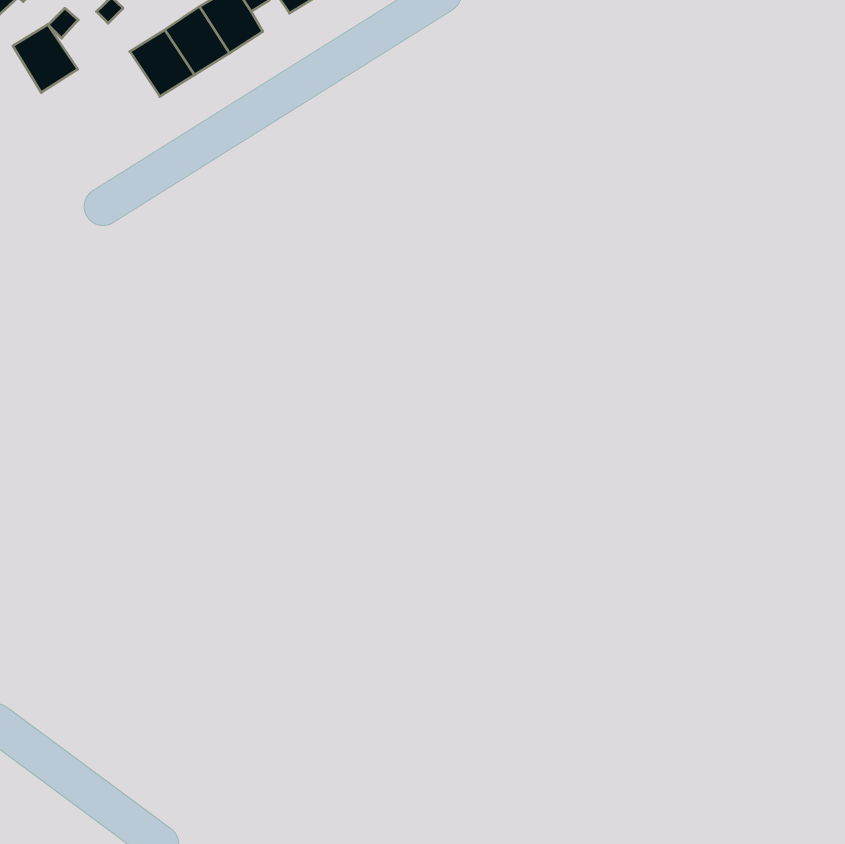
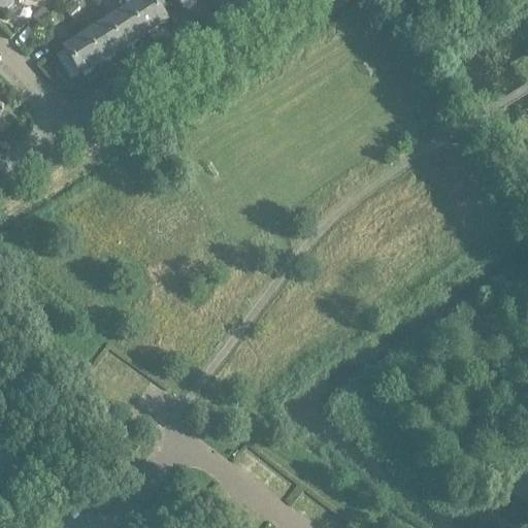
building: [13,24,78,93] -> [59,32,99,74]

